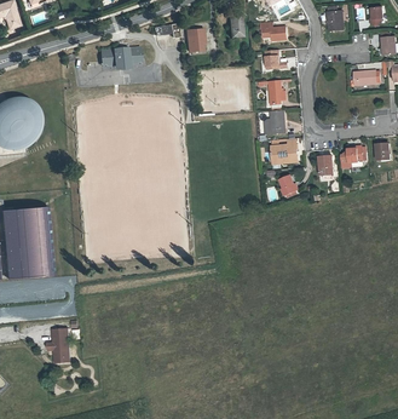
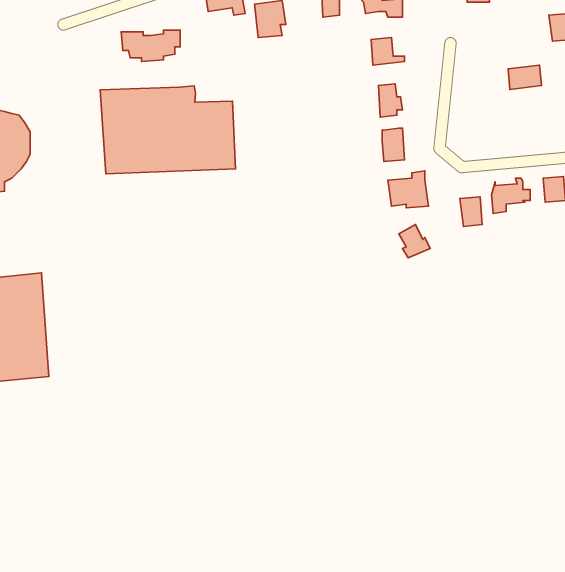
building: none -> [100,86,235,174]
building: [48,328,71,363] -> none

